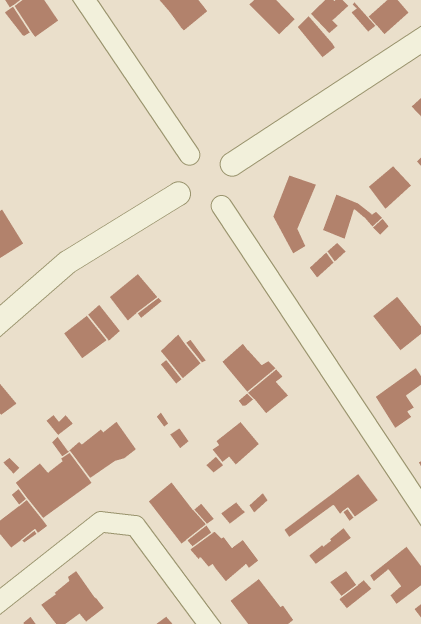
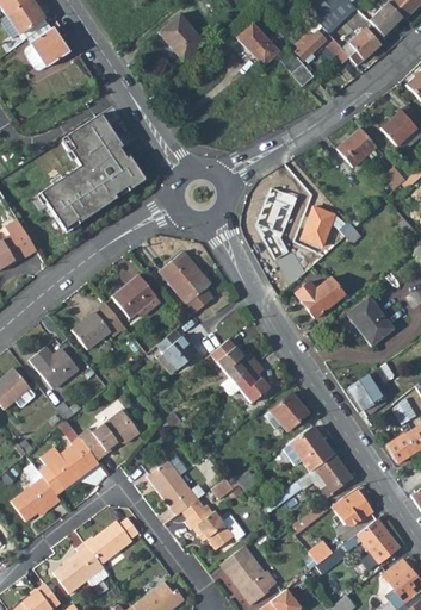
building: none -> [43,117,146,232]
building: [368,165,412,210] -> [338,129,377,168]
building: none -> [160,251,215,313]
building: none -> [296,279,345,319]
building: none -> [27,346,76,388]
building: [211,421,260,465] -> [266,392,309,431]
building: none -> [281,425,334,472]
building: none -> [334,490,373,524]
building: none -> [83,516,138,564]

